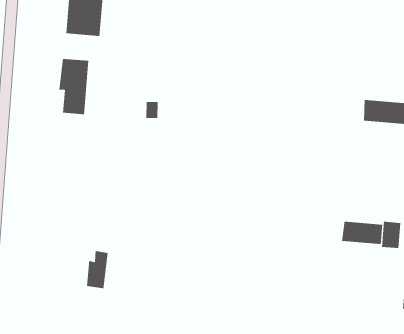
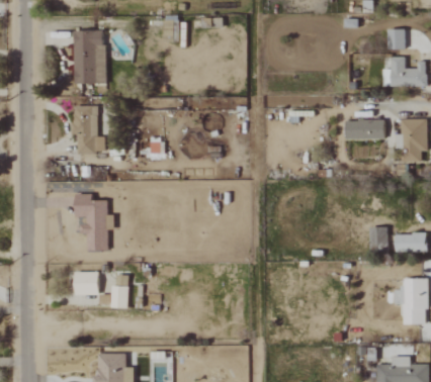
building: none -> [76,194,114,251]
building: [341,221,383,245] -> none
building: none -> [74,272,99,295]

